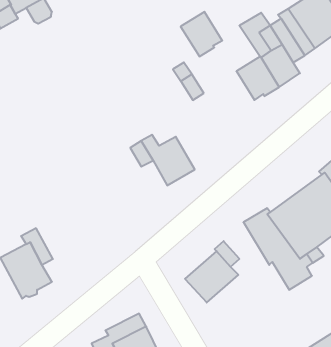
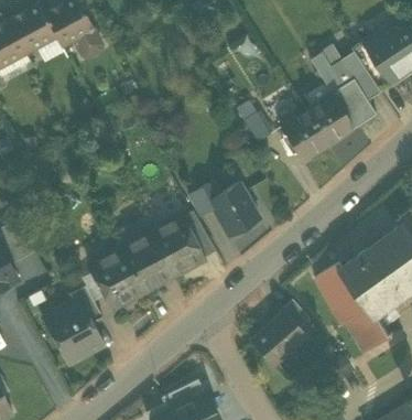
building: [181,12,222,56] -> [280,110,326,160]
building: none -> [89,216,203,308]

